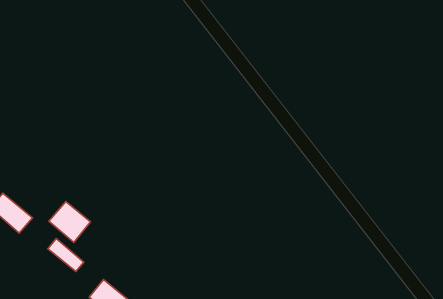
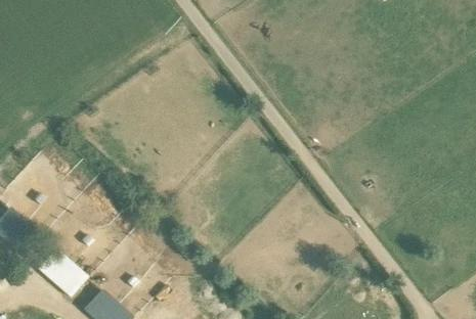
building: [49,201,91,243] -> none

